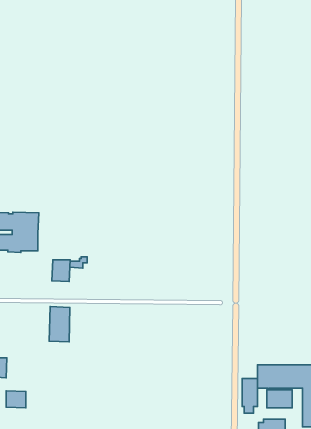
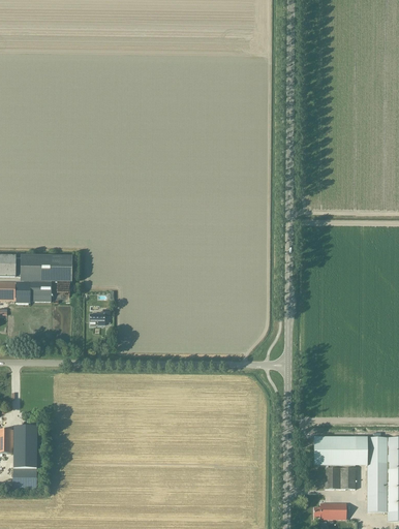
building: [52,260,70,282] -> [51,255,72,281]
building: [49,307,70,342] -> [12,427,37,469]
building: [242,379,257,413] -> none

